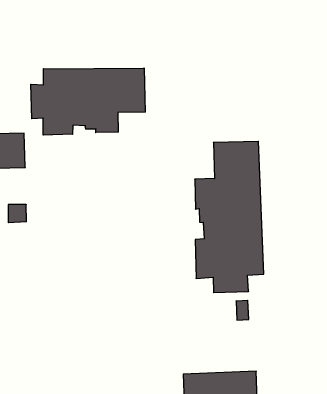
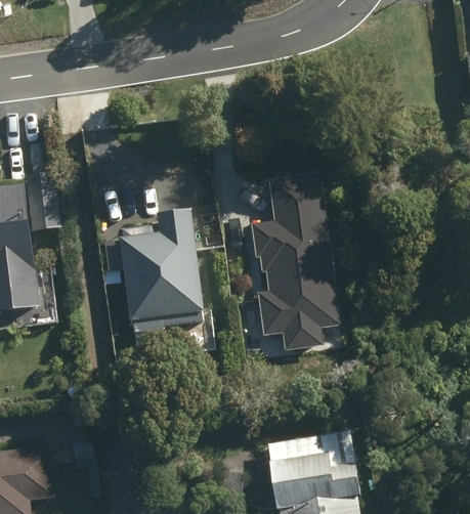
building: [31,68,145,135] -> none
building: none -> [121,209,207,352]

